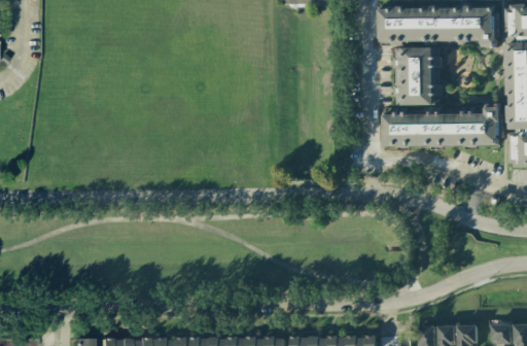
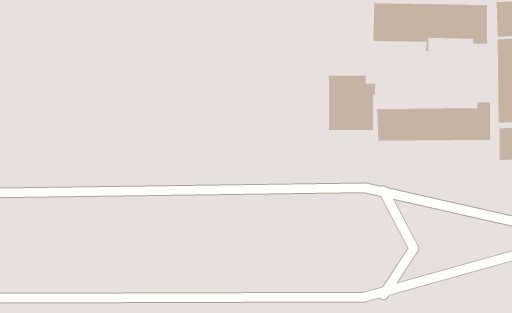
building: [395,48,444,105] -> [328,75,376,131]

